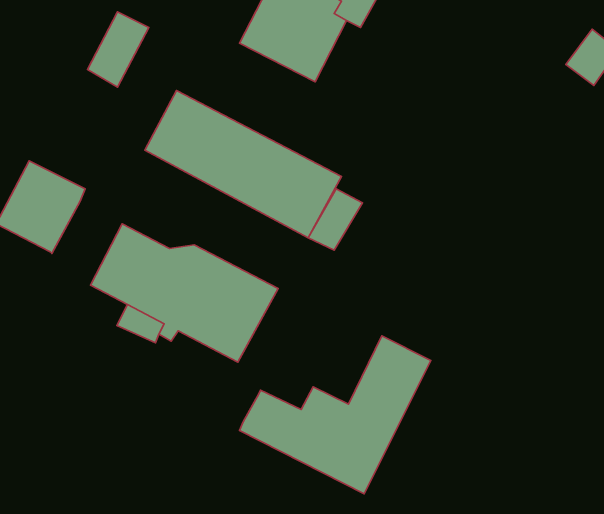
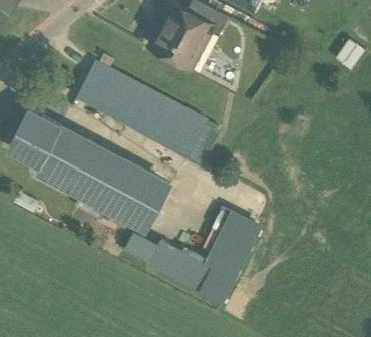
building: [88,12,149,87] -> [77,63,112,106]
building: none -> [37,135,81,184]
building: none -> [124,232,159,262]

